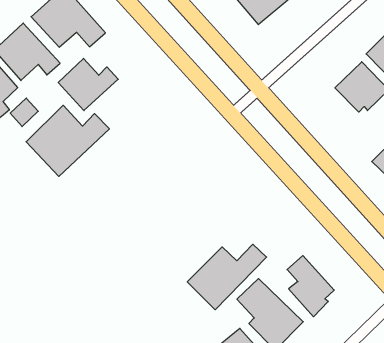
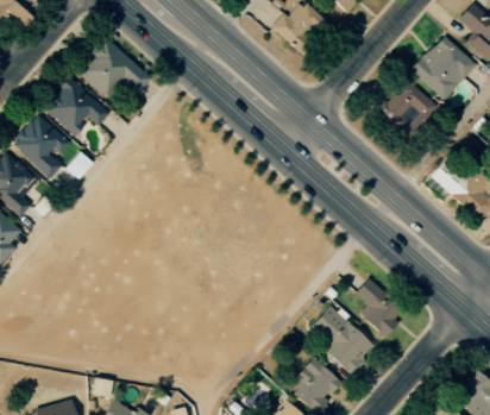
building: [58,58,118,111] -> none
building: [26,105,109,176] -> none
building: [187,244,267,310] -> none

